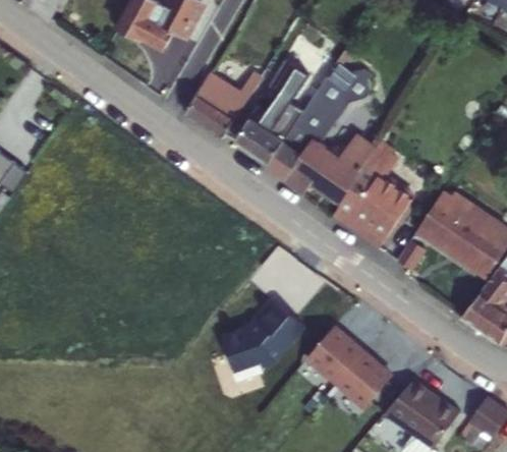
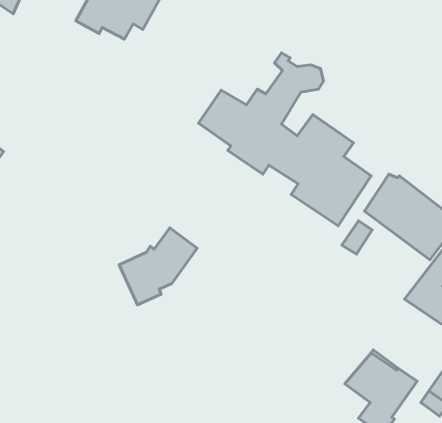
building: [269,55,309,97] -> none
building: [192,70,252,133] -> none
building: [226,299,307,380] -> [119,228,197,305]
building: [311,327,396,404] -> none

